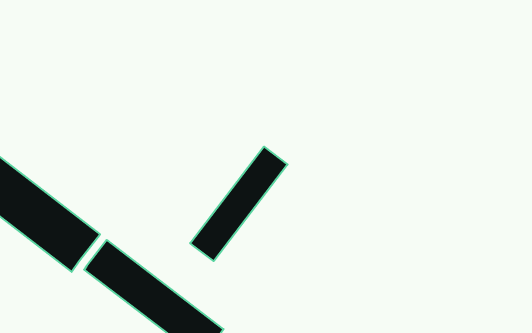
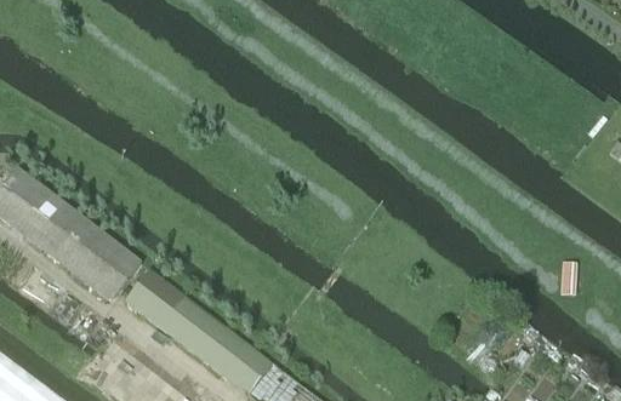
building: [190,147,288,261] -> none

